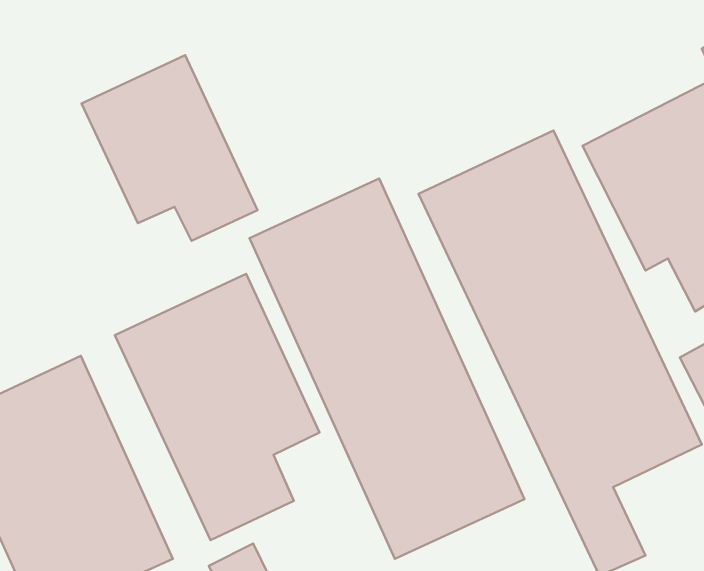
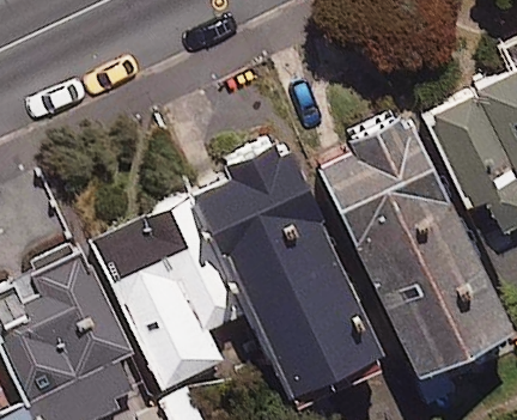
building: [81,55,257,241] -> none

